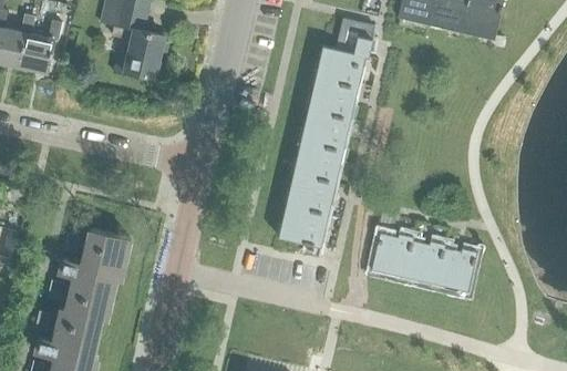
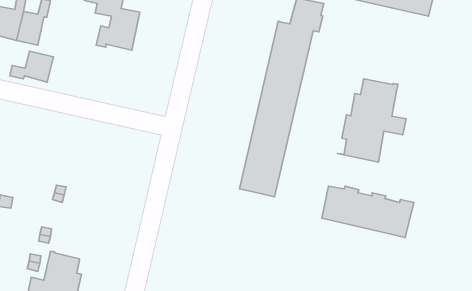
building: none -> [10,51,53,82]
building: none -> [337,79,406,162]
building: [61,230,133,320] -> none

